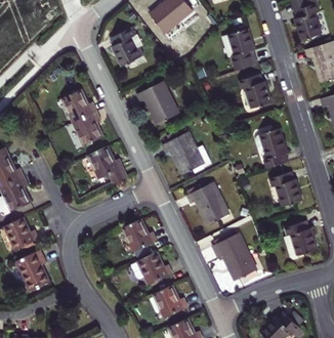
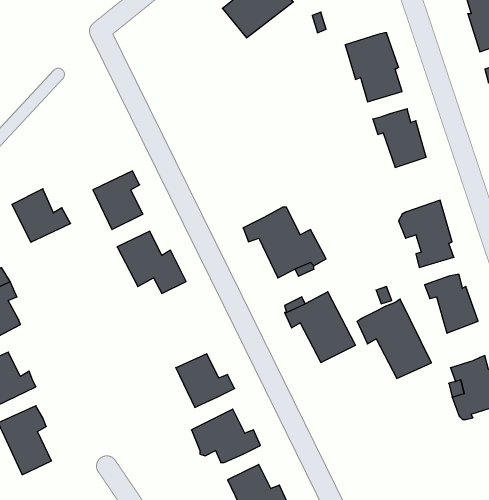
building: [111,28,141,66] -> none
building: [136,81,178,124] -> none
building: [61,90,96,122] -> [12,189,71,242]
building: [212,233,256,280] -> [357,299,431,378]

